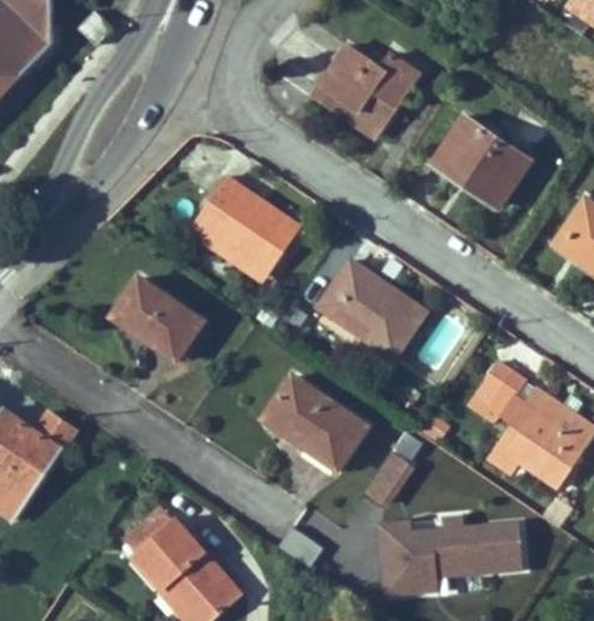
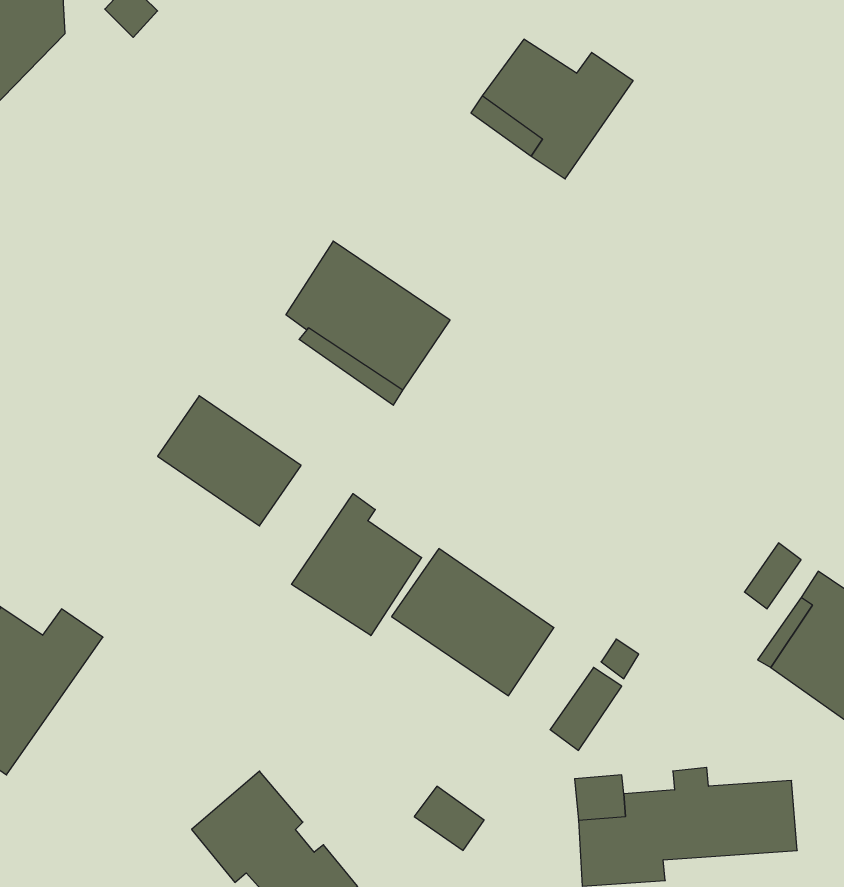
building: [432,116,529,206] -> none
building: [318,262,424,359] -> none
building: none -> [292,494,422,636]

